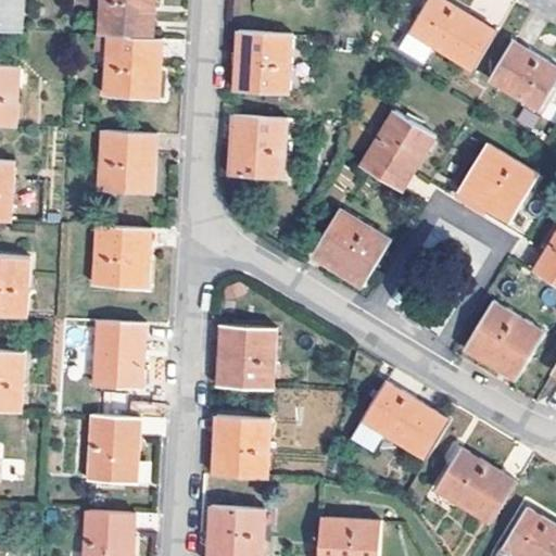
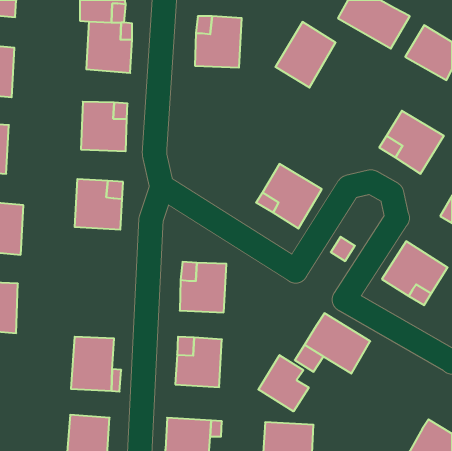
building: [359,111,432,190] -> [275,22,336,88]
building: [229,115,287,177] -> none
building: [91,323,143,389] -> none
building: none -> [258,355,309,411]
building: [434,451,515,523] -> none

